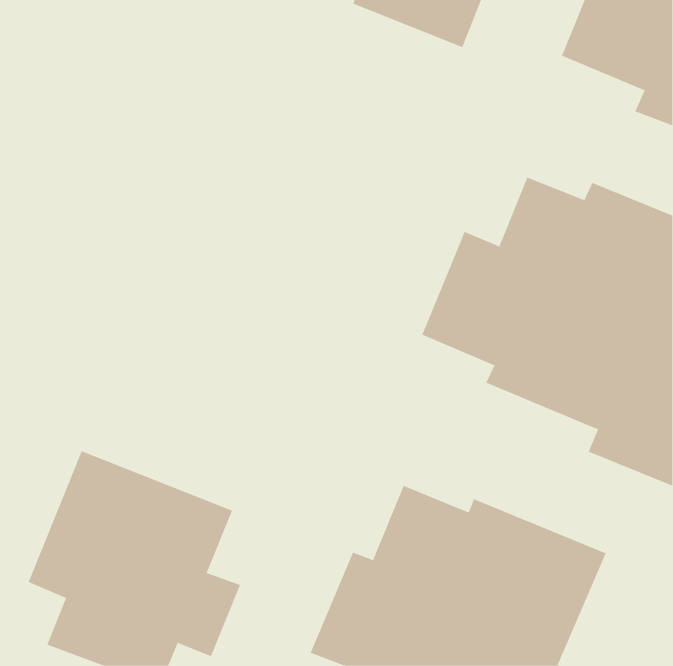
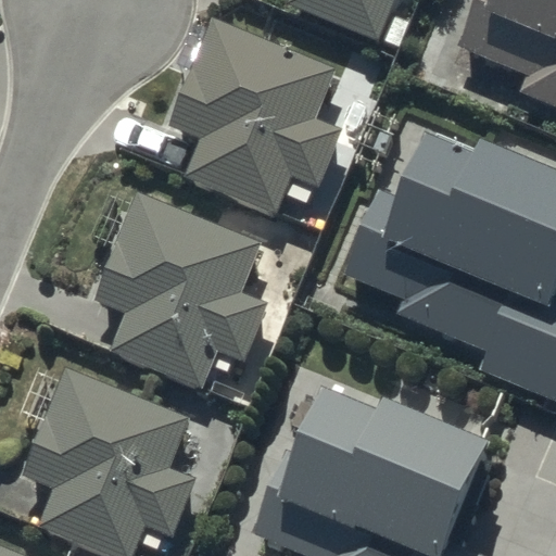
building: none -> [168,16,342,214]
building: none -> [93,192,267,388]

